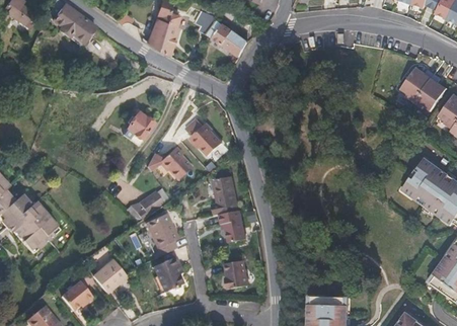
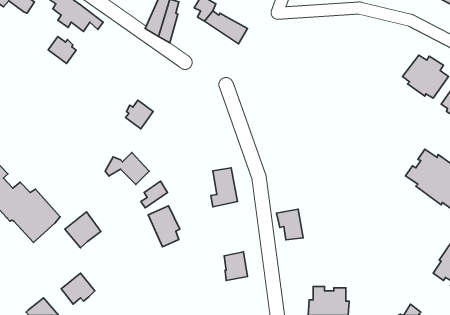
building: none -> [48,36,76,63]
building: [185,120,221,157] -> none
building: [147,151,191,182] -> [105,153,149,184]
building: [219,214,245,244] -> [277,209,303,240]
building: [156,258,184,293] -> none
building: [94,261,130,297] -> [65,212,101,248]

